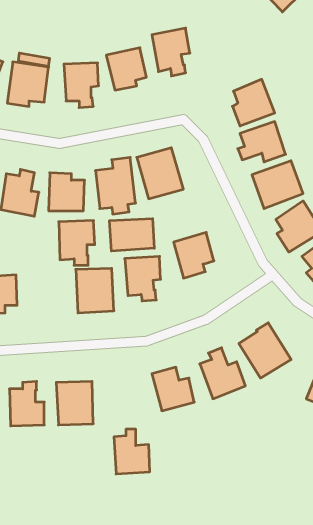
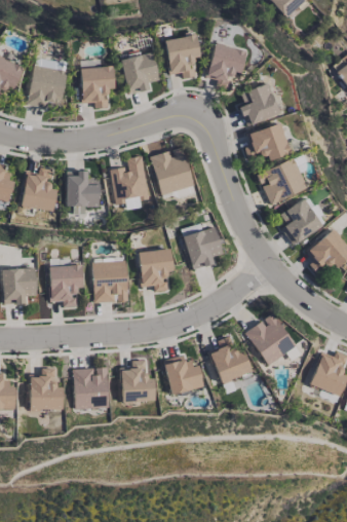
building: none -> [206,44,246,89]
building: [110,219,154,251] -> none
building: [59,221,95,265] -> [49,265,83,307]
building: [114,429,150,474] -> [121,361,155,403]

